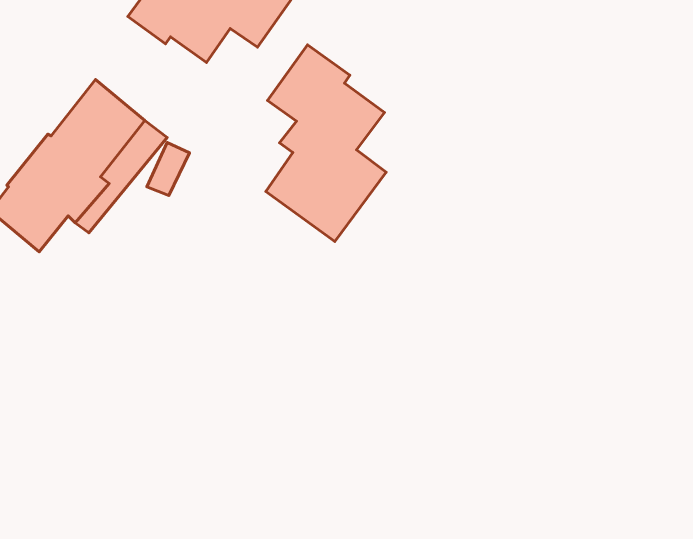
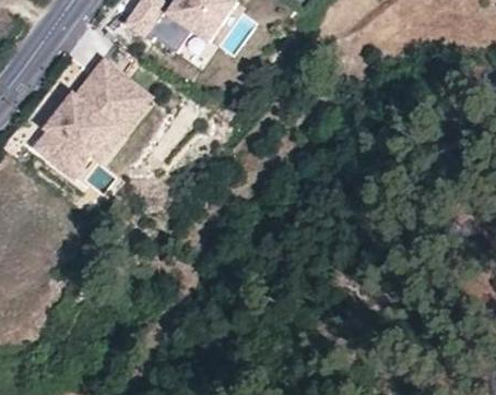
building: [266,45,386,242] -> none

